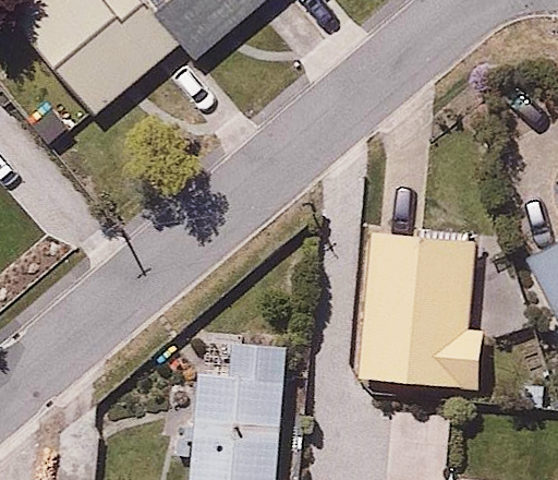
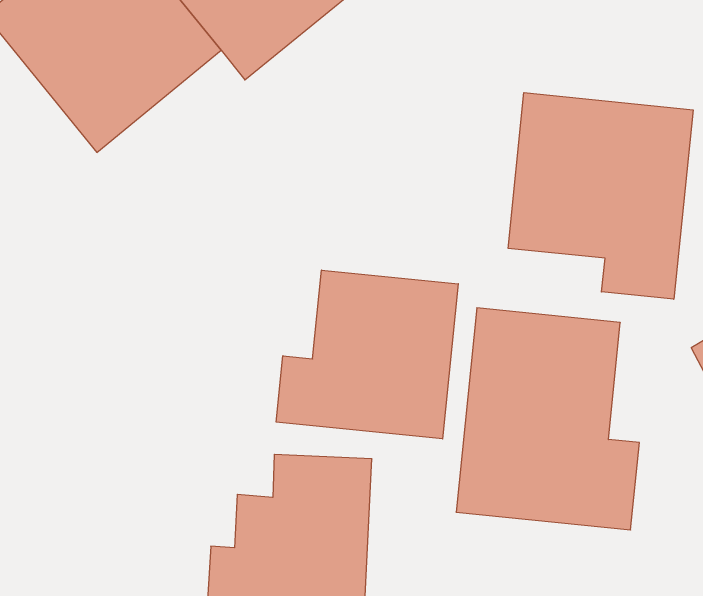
building: none -> [508,93,693,299]
building: none -> [276,270,458,439]

